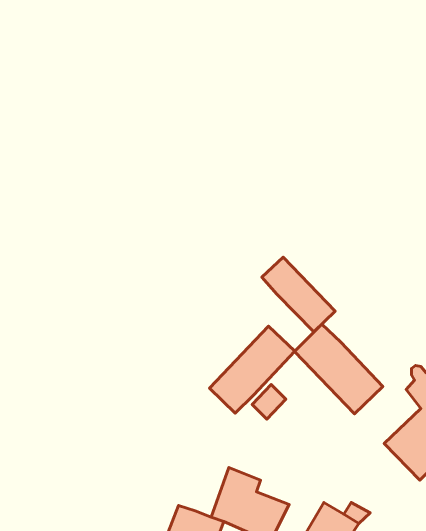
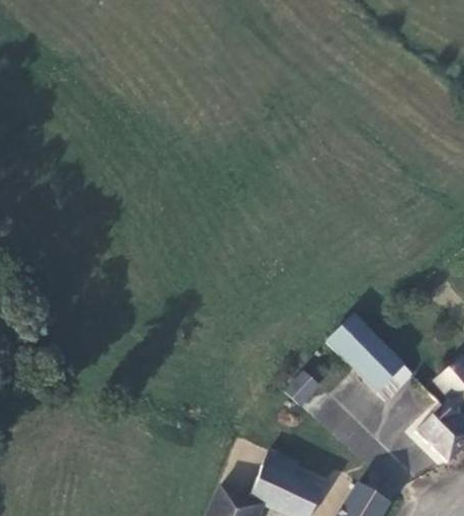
building: [262,257,335,332] -> none
building: [210,326,295,413] -> none

